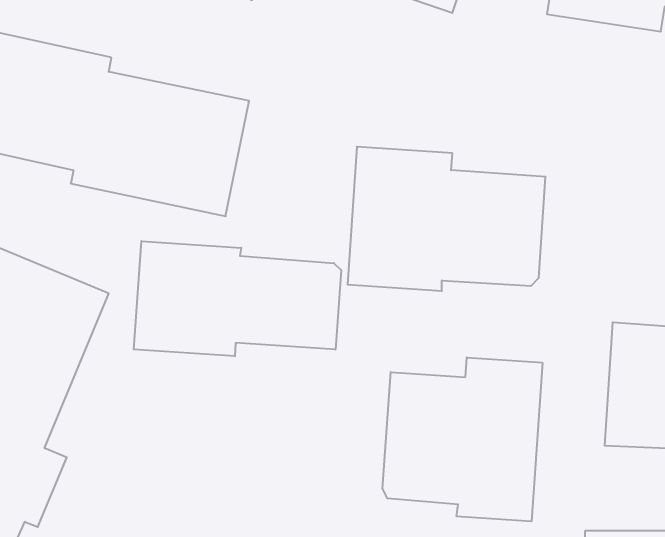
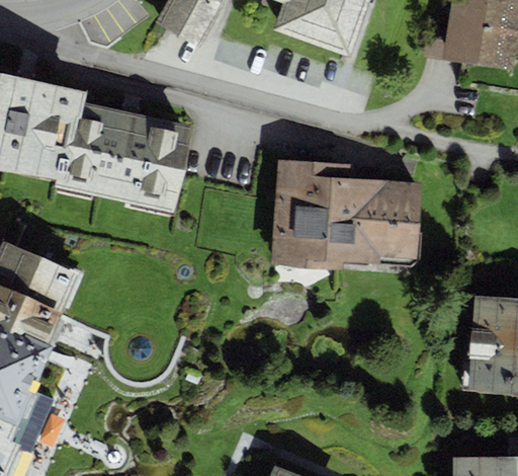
building: [134,241,341,356] -> none
building: [383,357,542,521] -> none

